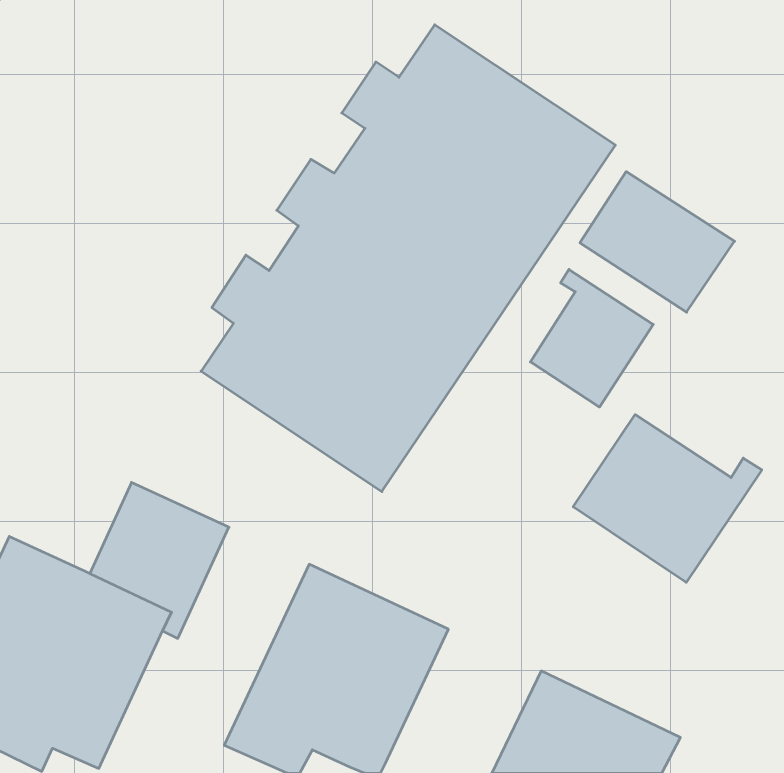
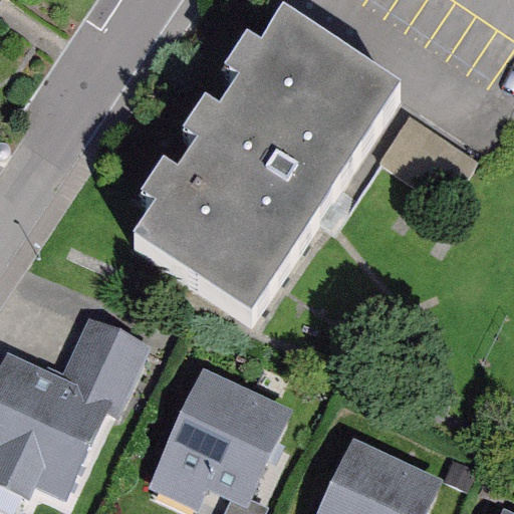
building: [530,269,653,407] -> none
building: [573,415,762,582] -> none

